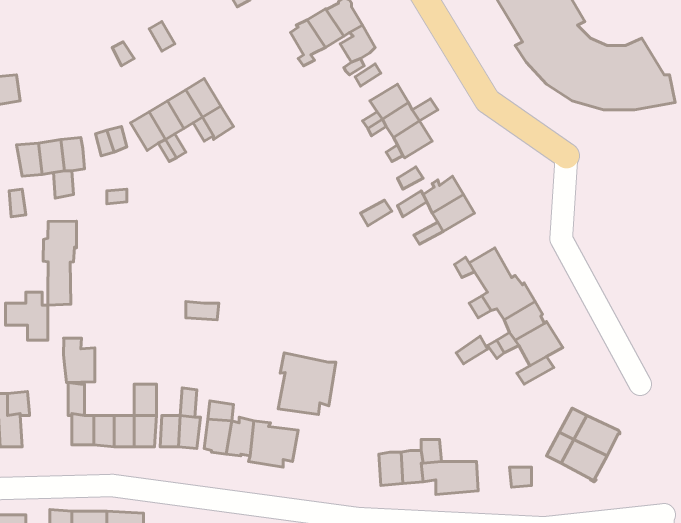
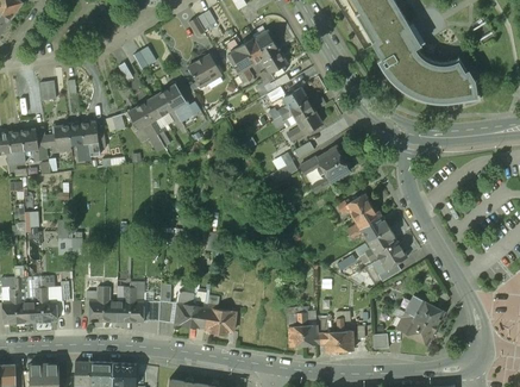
building: none -> [188,55,221,87]
building: [43,221,77,305] -> none
building: [64,338,95,382] -> none
building: [278,353,336,415] -> none

